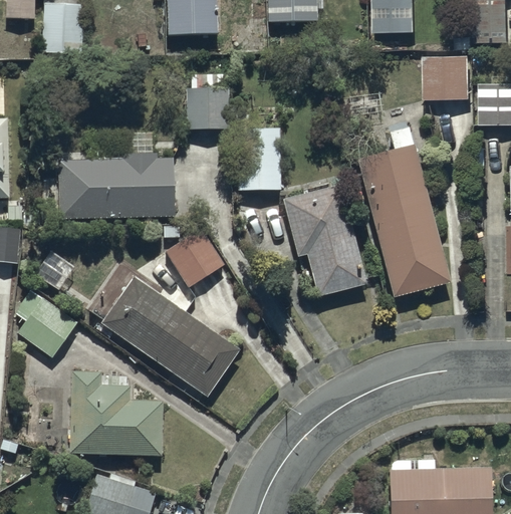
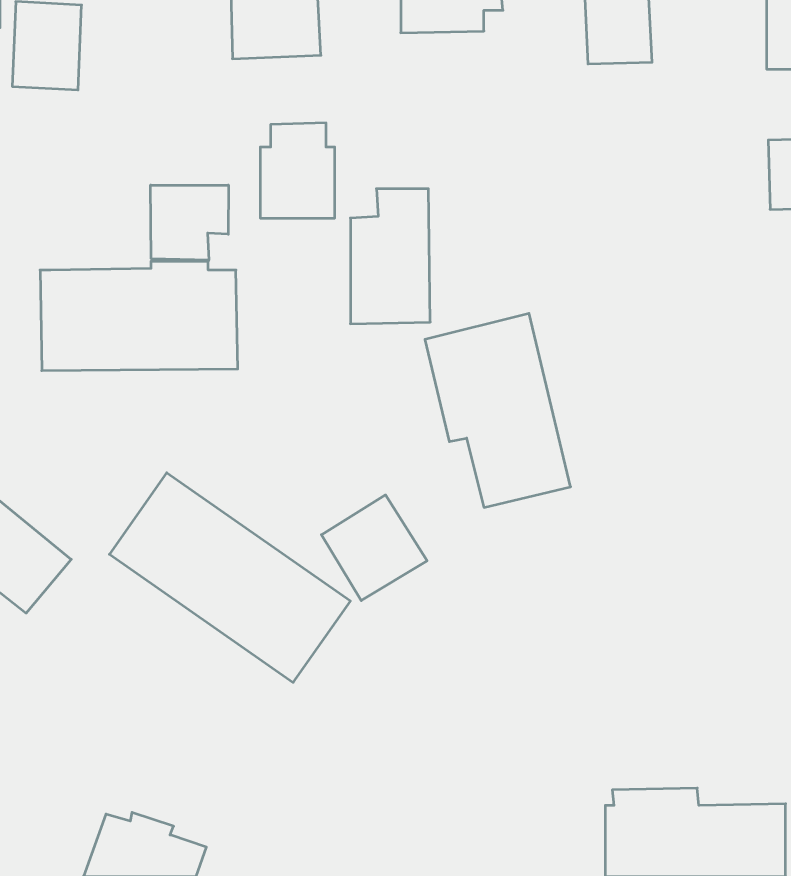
building: [425,55,475,99] -> none
building: none -> [151,185,228,260]
building: [355,144,450,297] -> none
building: [166,227,227,288] -> [321,495,427,601]
building: [68,371,161,456] -> none

